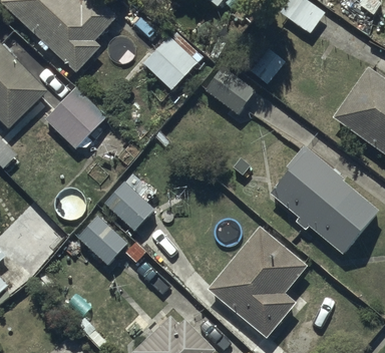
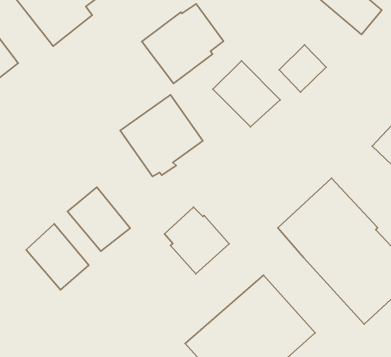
building: [46,84,111,149] -> [120,95,203,177]
building: none -> [165,207,229,274]

